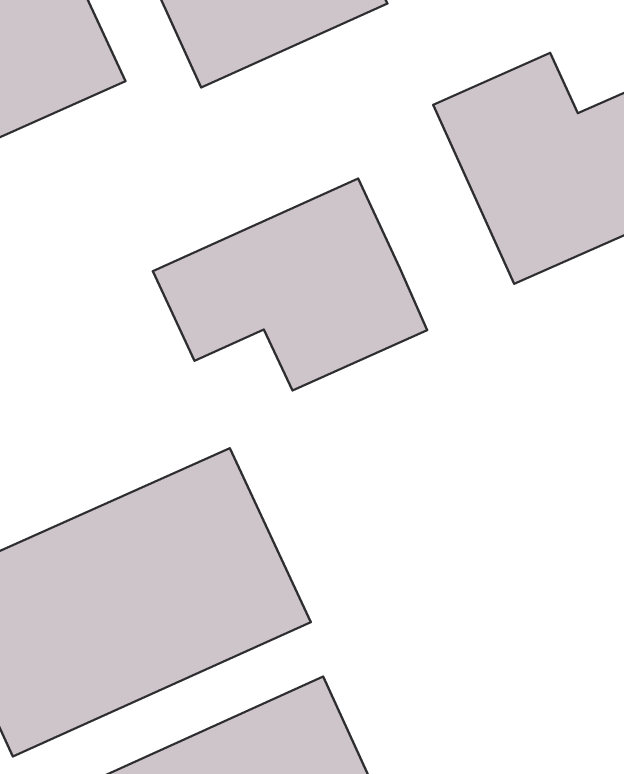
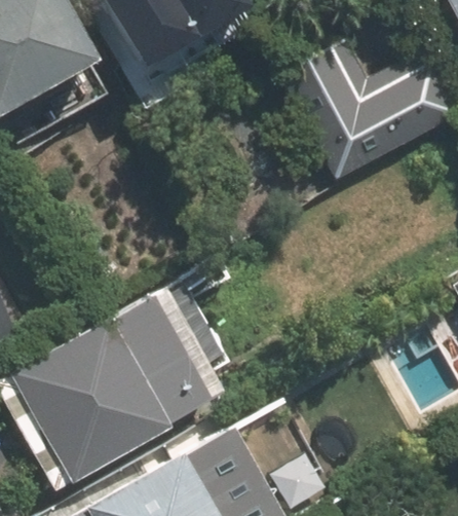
building: [153,179,427,390] -> none

